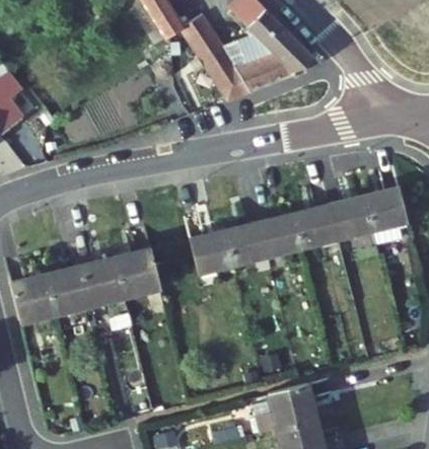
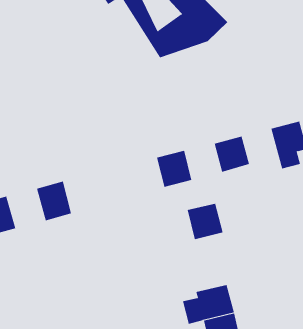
building: [331,193,378,249] -> none
building: [261,211,305,255] -> [187,203,223,240]
building: [190,228,235,274] -> none
building: [114,246,162,296] -> none
building: [45,266,91,314] -> none

